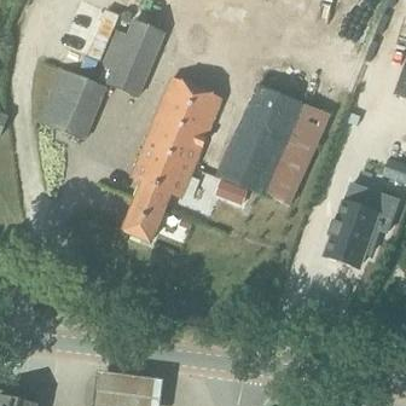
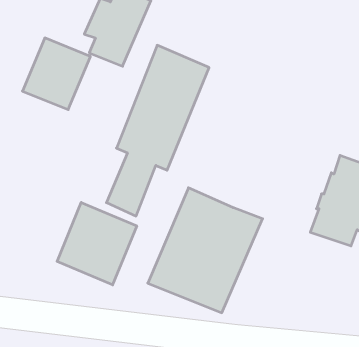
building: [218,82,330,204] -> [148,188,263,313]
building: none -> [57,202,137,285]

